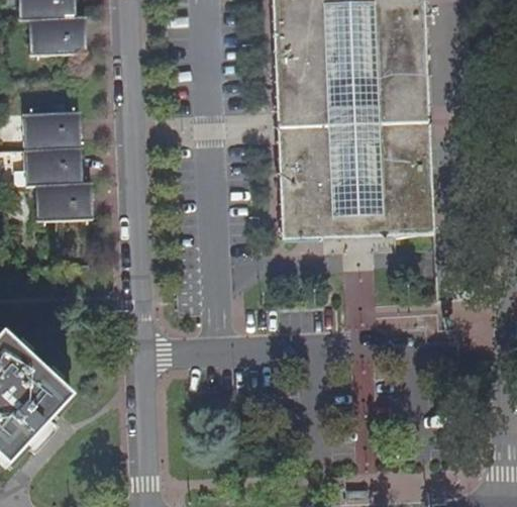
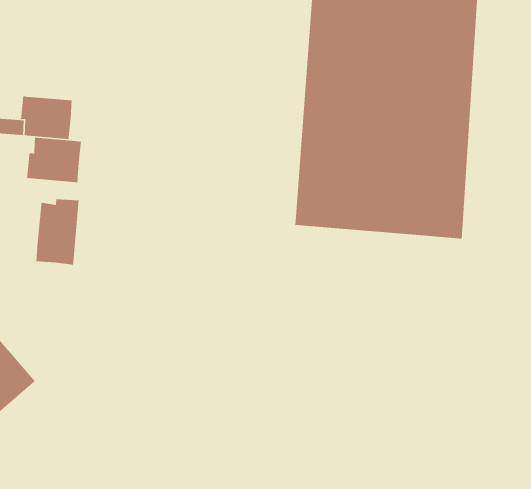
building: [28,110,74,146] -> none
building: none -> [35,199,79,266]

